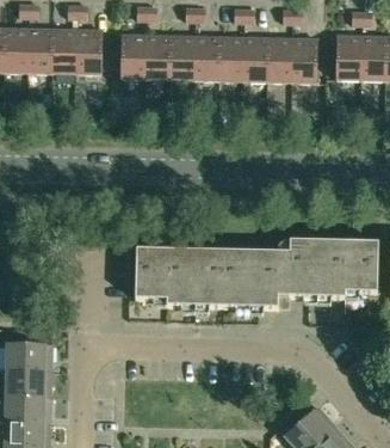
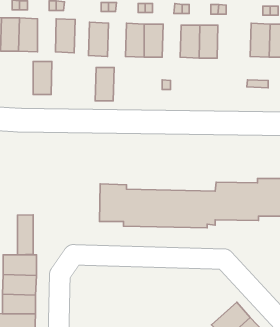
building: [52,29,78,73] -> [33,61,52,95]
building: [146,35,171,79] -> [95,68,114,101]
building: [218,36,243,80] -> none
building: [291,37,317,82] -> none
building: none -> [18,215,33,255]

